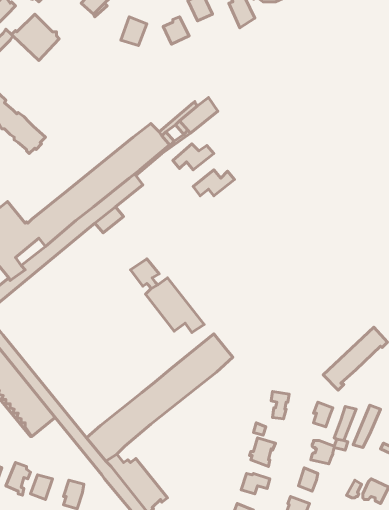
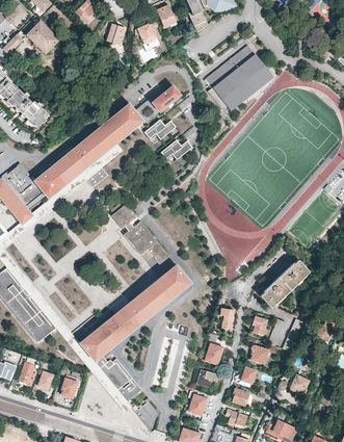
building: none -> [205,46,272,110]

